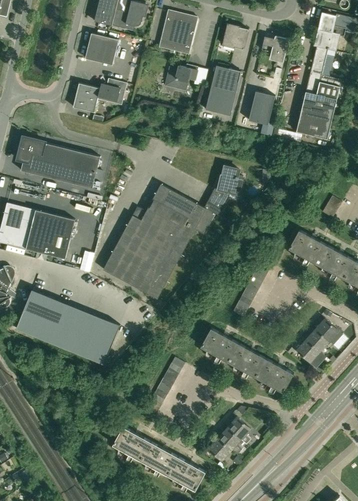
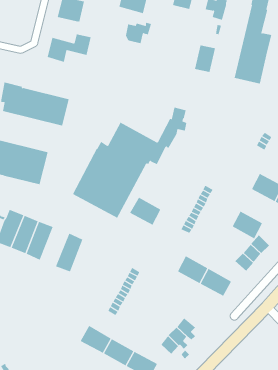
building: [205,65,241,116] -> none
building: [289,230,326,264] -> [232,211,263,239]
building: [65,309,99,356] -> none
building: [200,328,238,362] -> [129,197,161,226]

